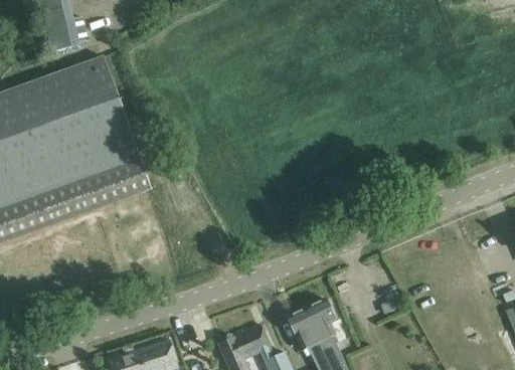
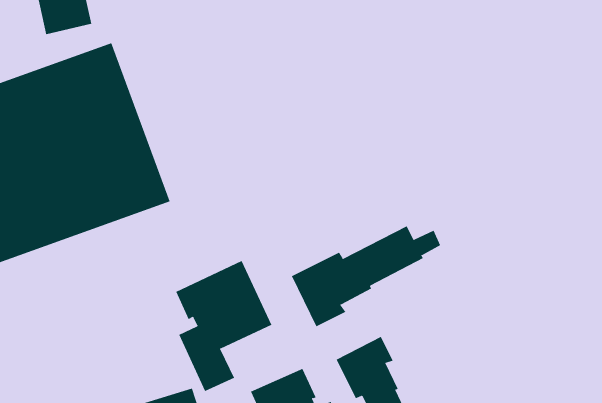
building: none -> [291,226,441,327]
building: none -> [175,260,272,392]

